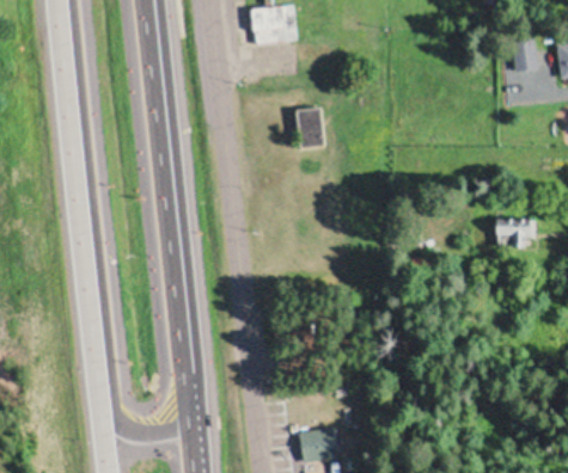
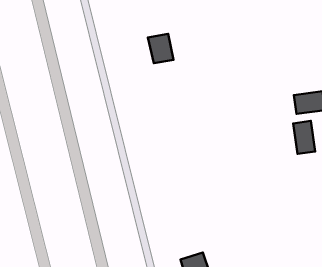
building: none -> [293,121,315,154]

